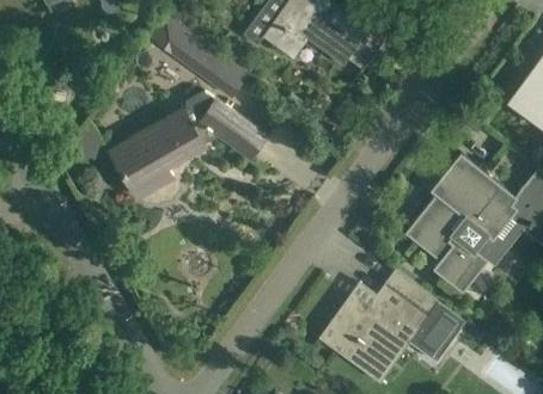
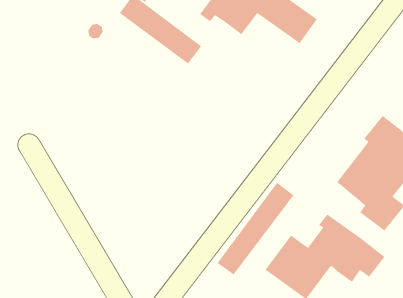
building: [110,93,266,198] -> none
building: none -> [217,182,295,276]

